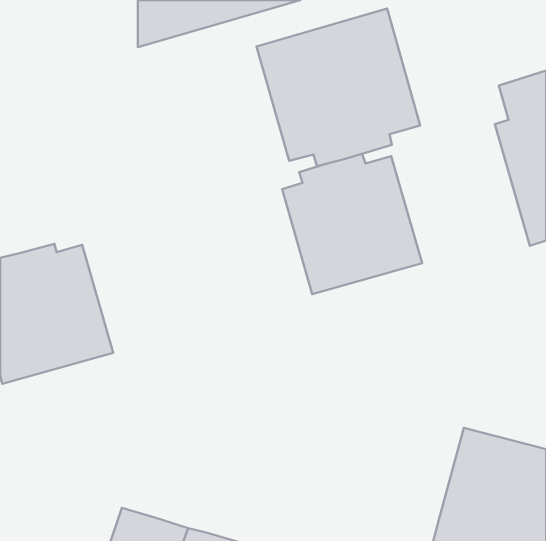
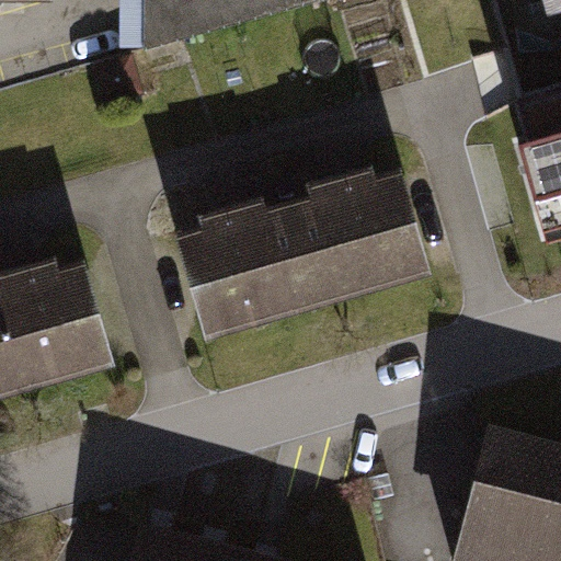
building: [256,9,420,166] -> none
building: none -> [176,193,320,340]

